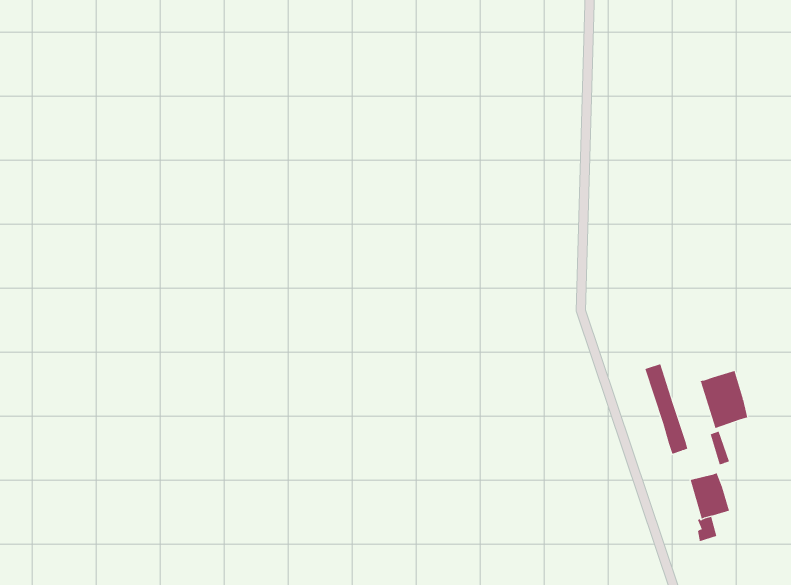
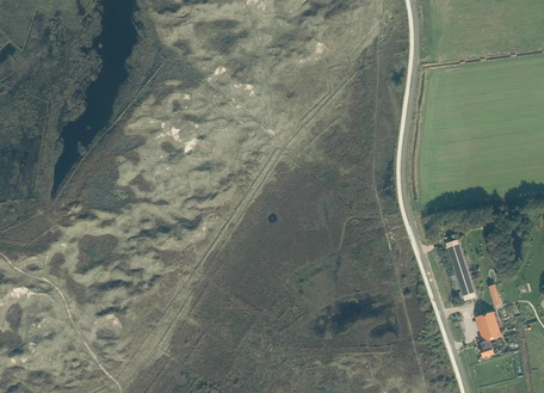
building: [699,370,748,429] -> none

